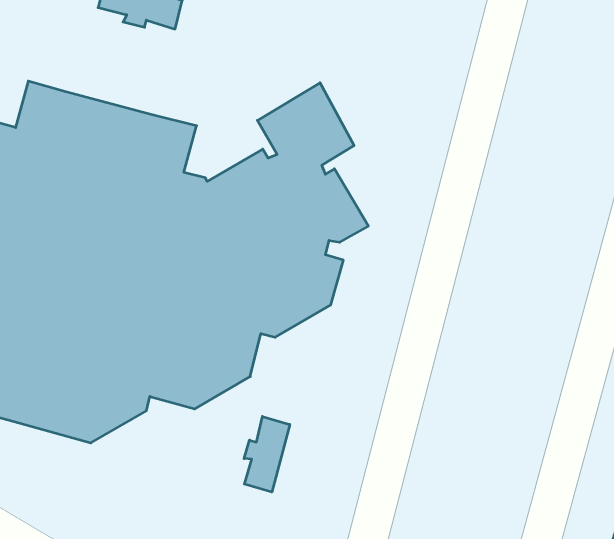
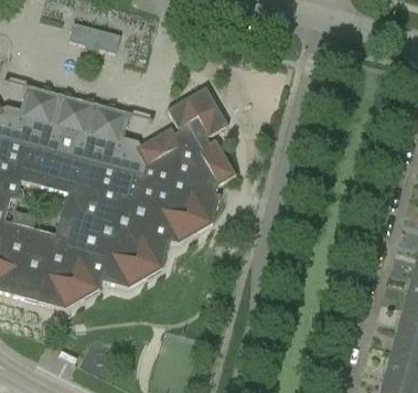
building: [244,416,290,492] -> none

